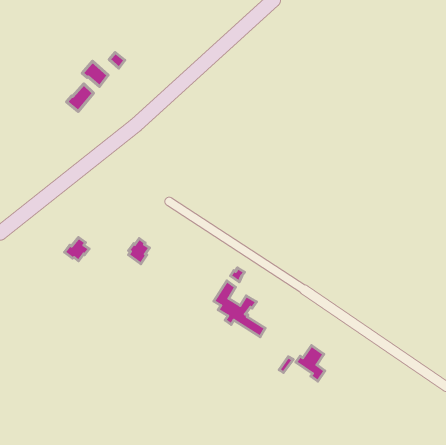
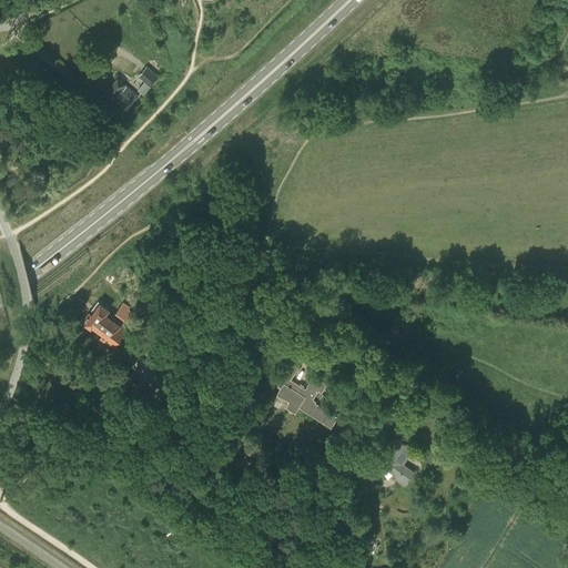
building: [67,84,93,112] -> none
building: [129,238,150,264] -> [100,317,126,349]

